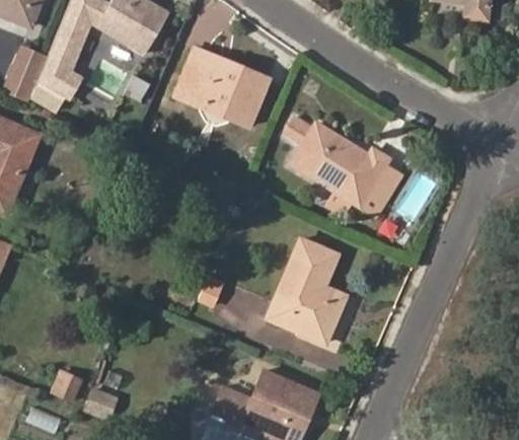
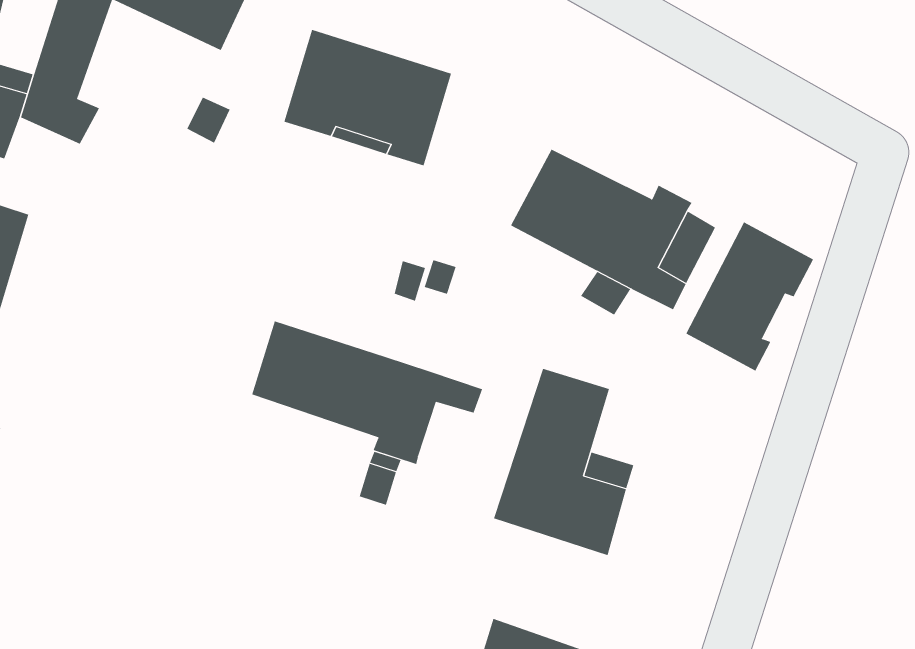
building: none -> [685,221,814,372]
building: none -> [251,321,483,465]

